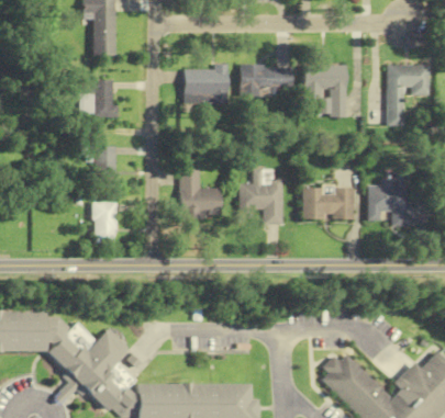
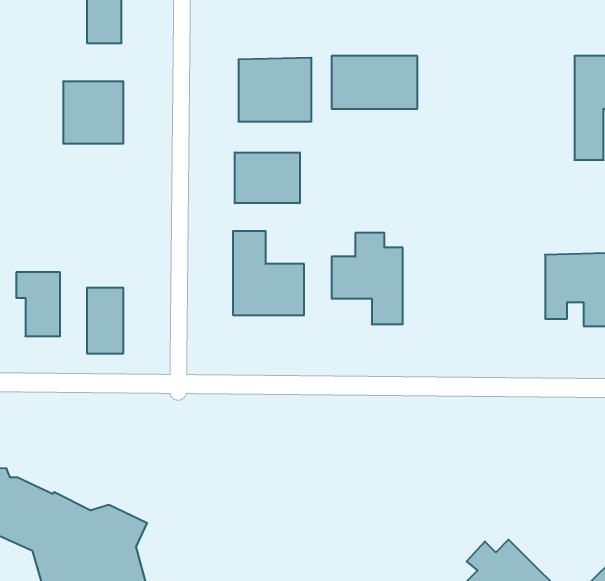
building: [305,64,347,116] -> none
building: none -> [235,152,300,203]
building: [89,146,115,184] -> [16,272,60,336]
building: [304,188,354,219] -> none

